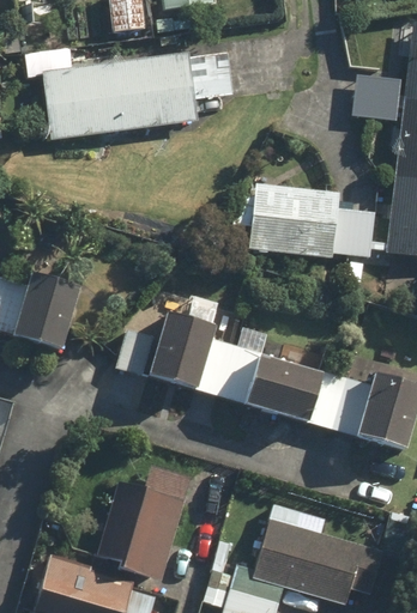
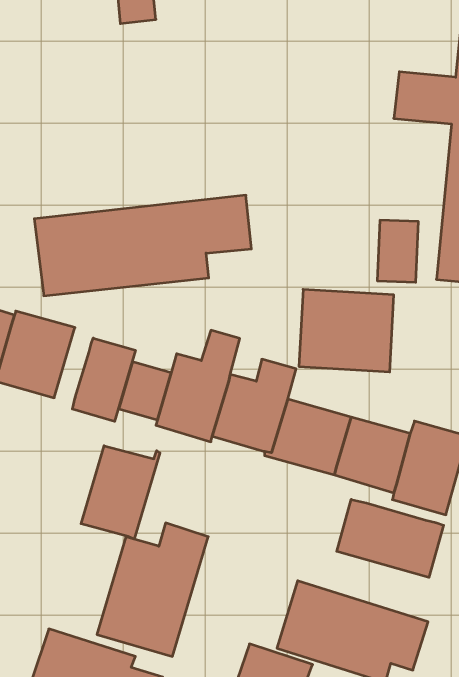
building: [44,49,234,136] -> [34,195,251,296]
building: [255,184,338,256] -> [299,289,394,372]
building: none -> [72,338,135,421]
building: none -> [81,446,160,539]
building: none -> [337,499,444,577]

